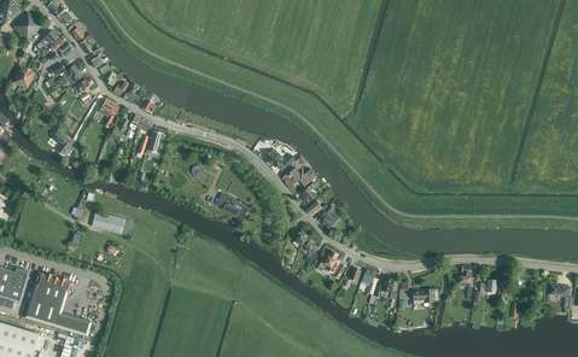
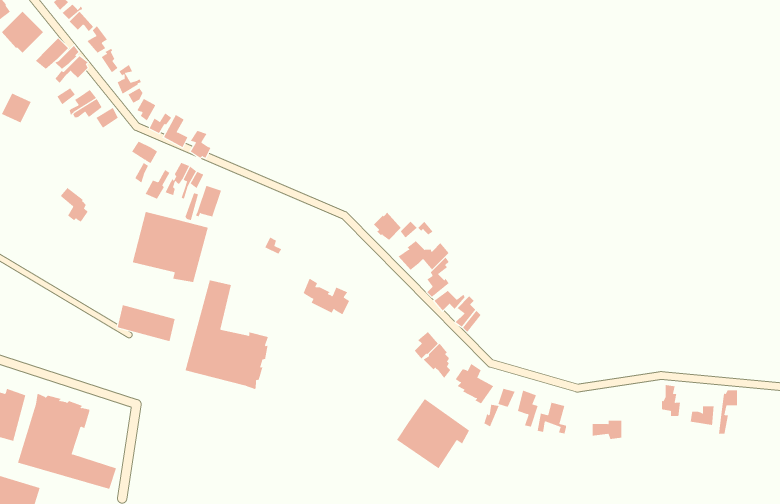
building: none -> [132,211,209,283]
building: none -> [185,279,269,390]
building: none -> [396,398,470,469]

